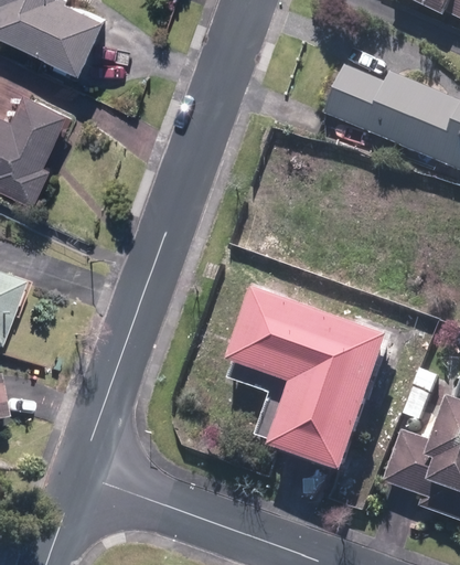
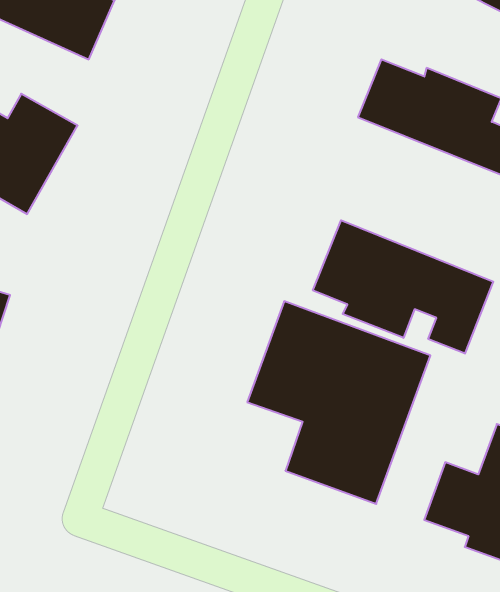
building: none -> [313,220,493,354]

